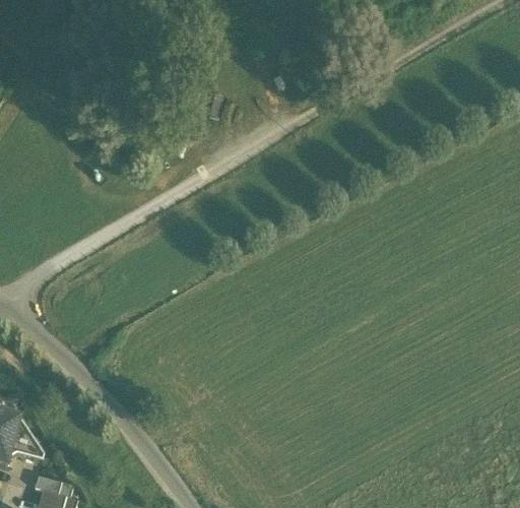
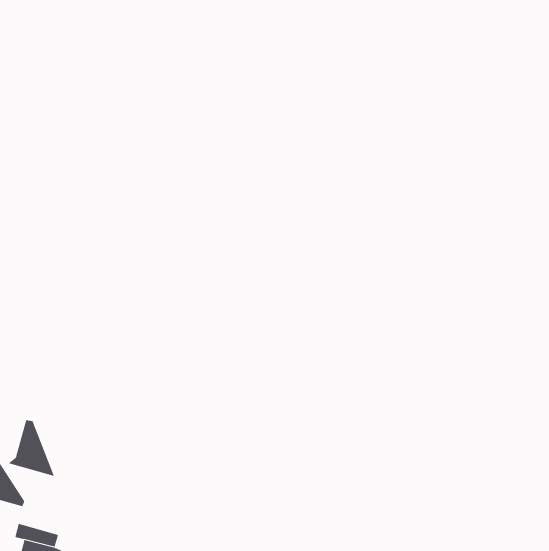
building: none -> [7,419,54,476]

